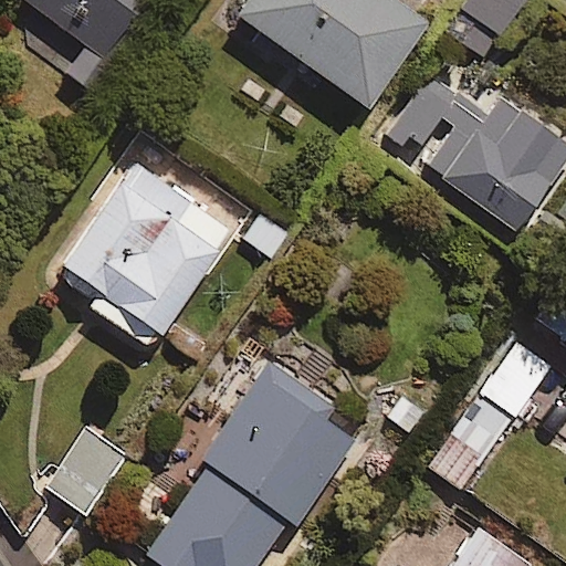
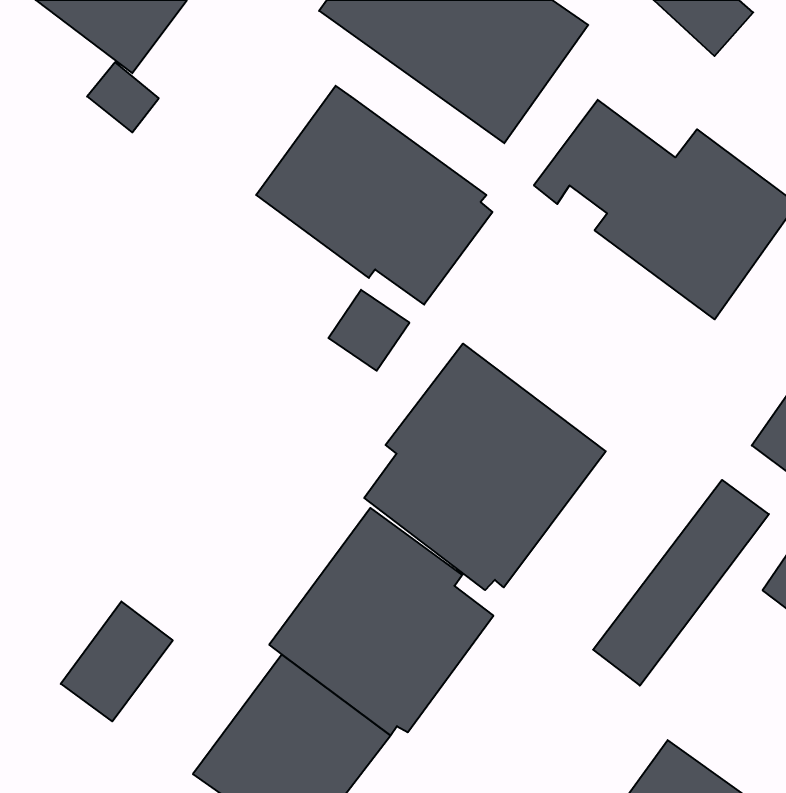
building: none -> [256,86,492,305]
building: [57,163,231,345] -> none
building: none -> [364,344,606,590]

